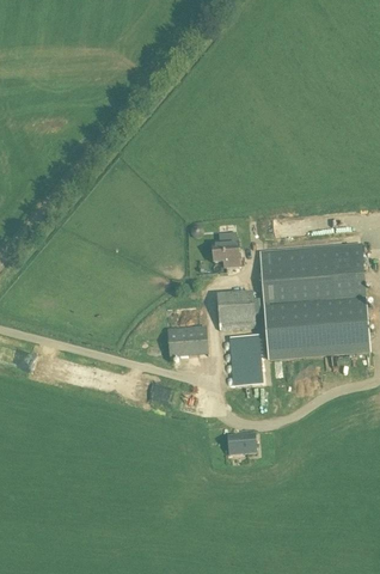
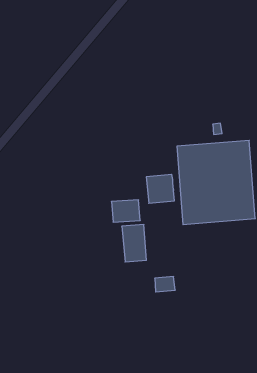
building: [212,240,239,267] -> none
building: [228,334,263,386] -> [122,225,146,262]

